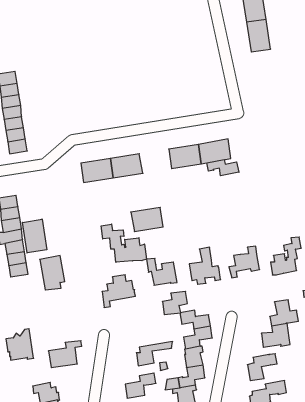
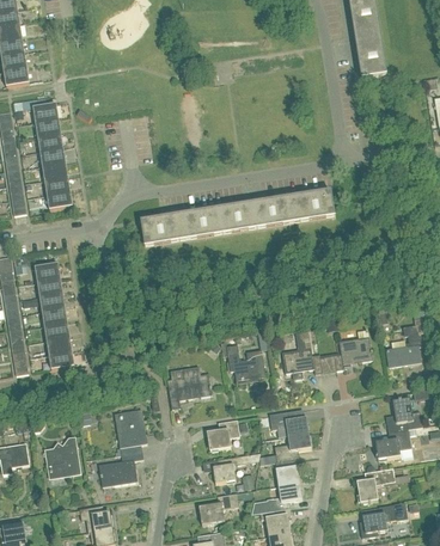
building: [207,160,239,176] -> none
building: [131,207,163,232] -> [215,203,257,234]
building: [22,219,47,253] -> none
building: [101,224,147,262] -> none
building: [40,256,65,290] -> [112,409,145,453]
building: [162,291,187,315] -> [206,419,238,449]

